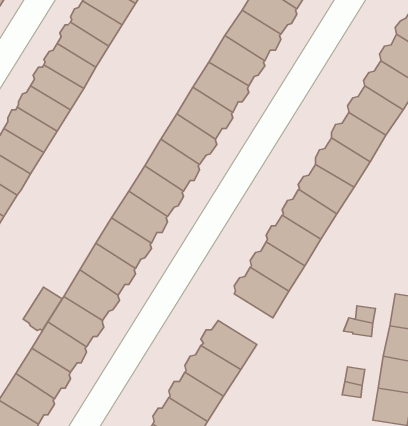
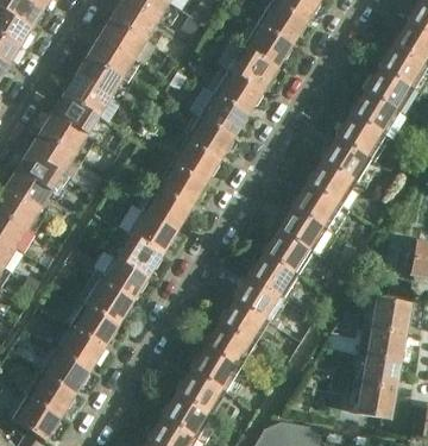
building: [23,287,62,331] -> none
building: none -> [218,301,268,346]

